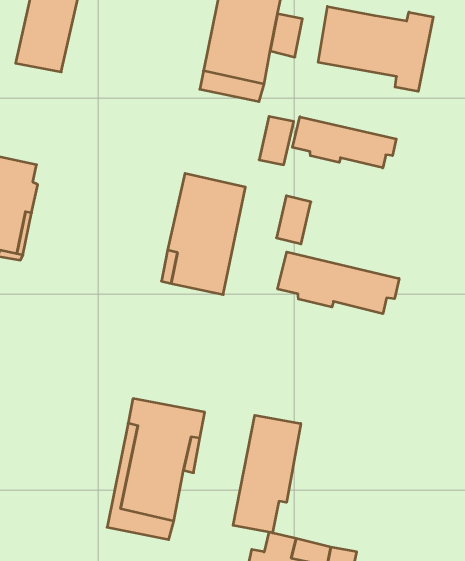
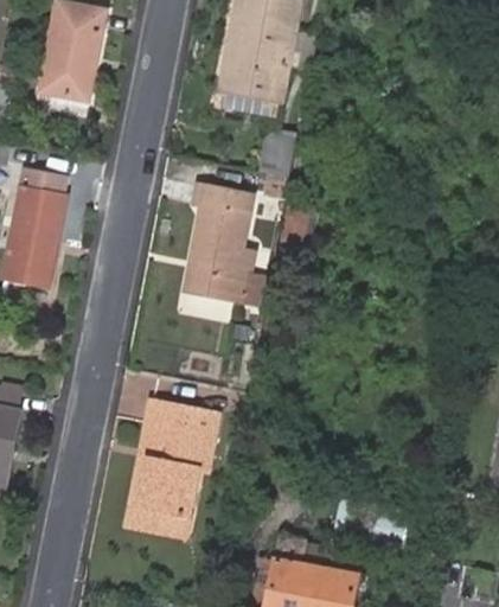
building: [318,6,433,91] -> none
building: [292,117,396,168] -> none
building: [278,252,399,314] -> none
building: [233,415,301,533] -> none

